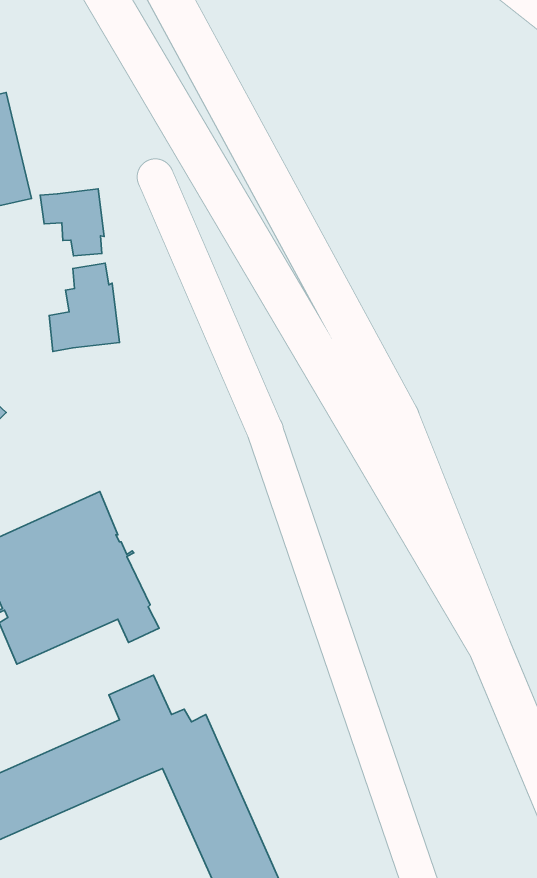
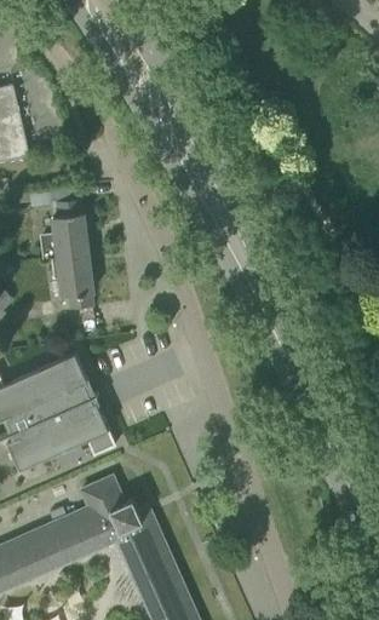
building: [40,189,104,256] -> none
building: none -> [57,253,93,310]

